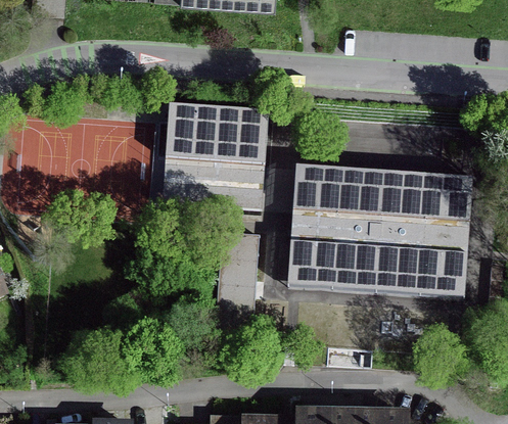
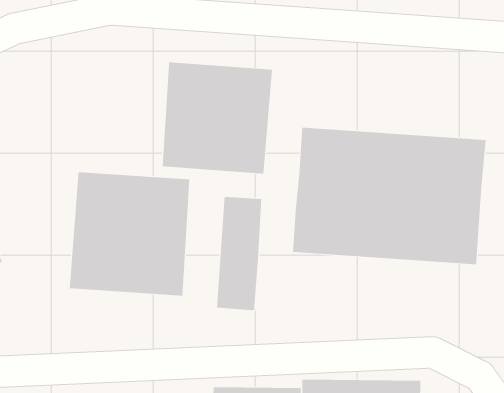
building: none -> [69,172,190,297]

